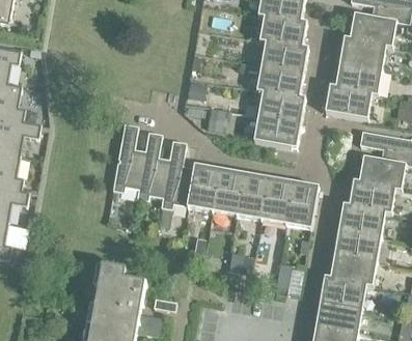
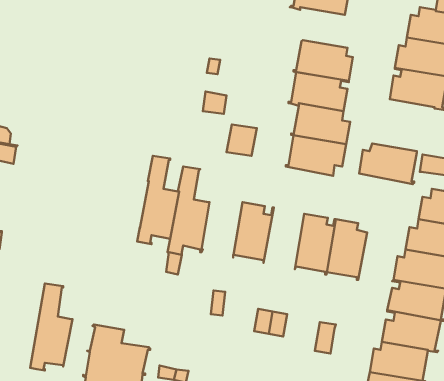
building: [258,15,305,47] -> none
building: [325,87,370,119] -> [359,143,417,184]
building: [112,123,145,192] -> [30,284,72,371]
building: [187,164,219,211] -> none
building: [236,172,268,221] -> none

